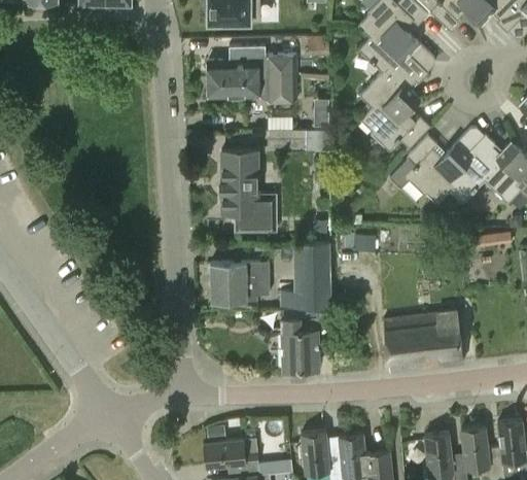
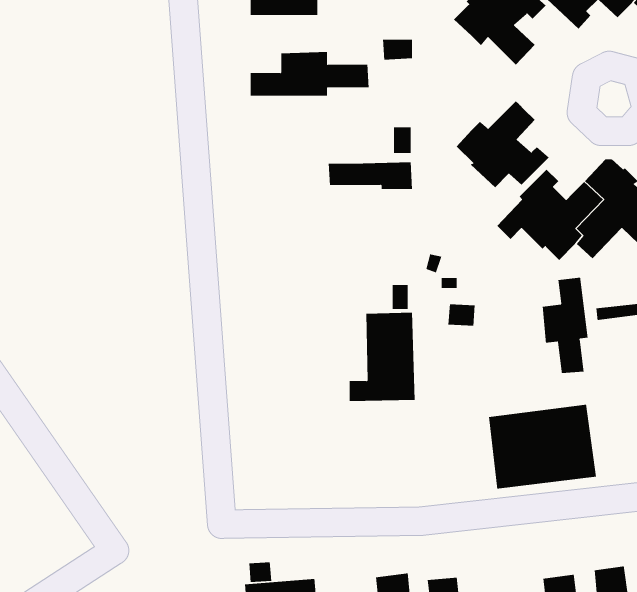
building: [359,37,434,106] -> none
building: [208,75,296,103] -> none
building: [221,155,275,229] -> none
building: none -> [542,277,588,374]
building: [211,262,269,301] -> none
building: [281,309,333,369] -> none

